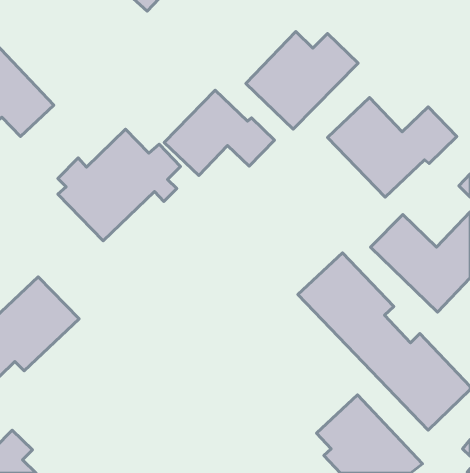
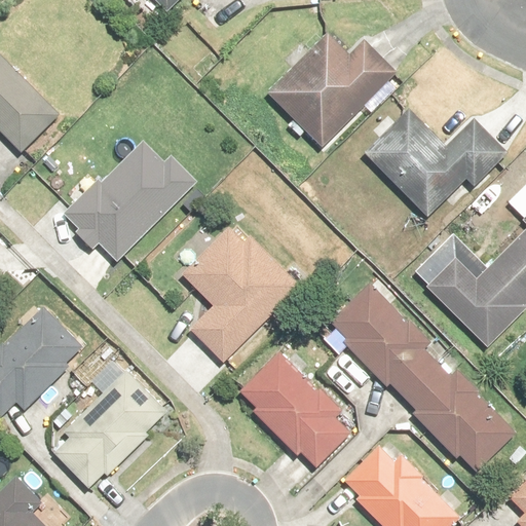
building: [164,90,274,176] -> none
building: none -> [181,223,295,363]
building: none -> [241,353,351,466]
building: none -> [51,358,167,491]

